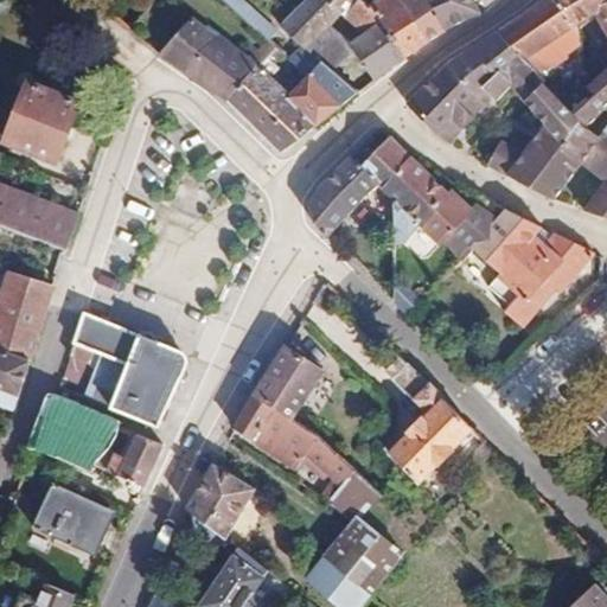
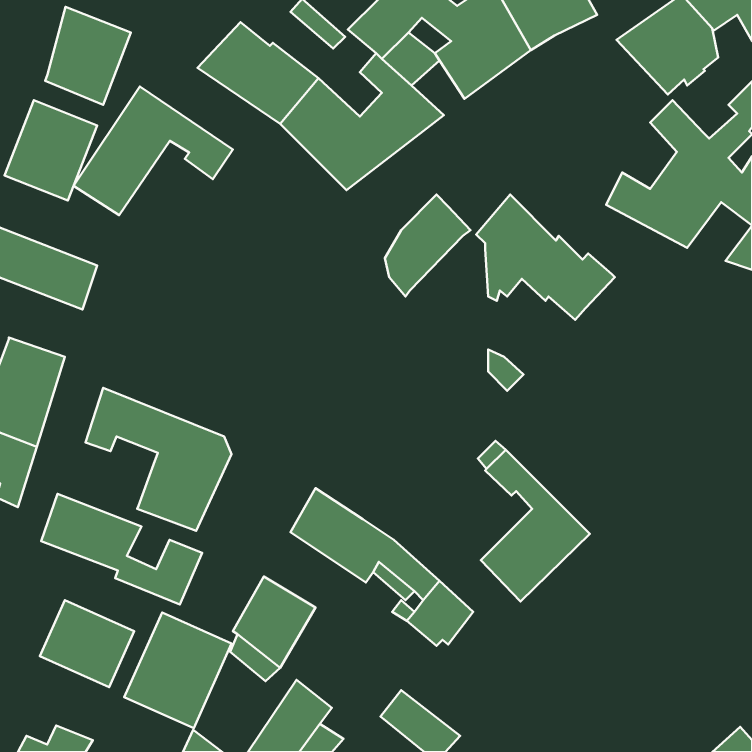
building: none -> [45,7,131,105]
building: [405,32,541,143] -> none
building: none -> [74,86,233,215]
building: [360,135,410,189] -> none
building: [471,209,594,327] -> none
building: [254,345,322,417] -> none
building: [83,363,123,407] -> none
building: none -> [124,613,232,728]
building: [322,515,402,592] -> none

